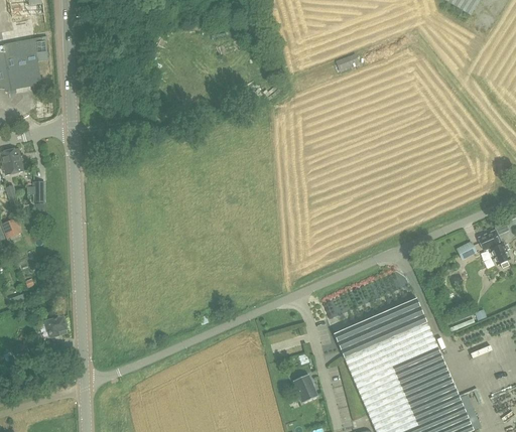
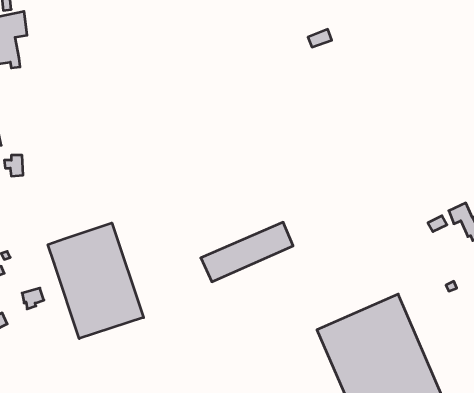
building: none -> [48,223,144,339]
building: [333,298,426,358] -> [201,222,293,282]
building: [292,374,317,403] -> none

